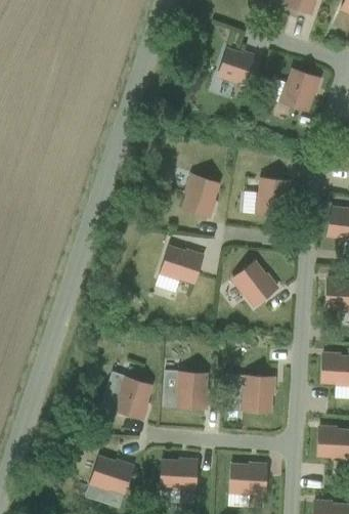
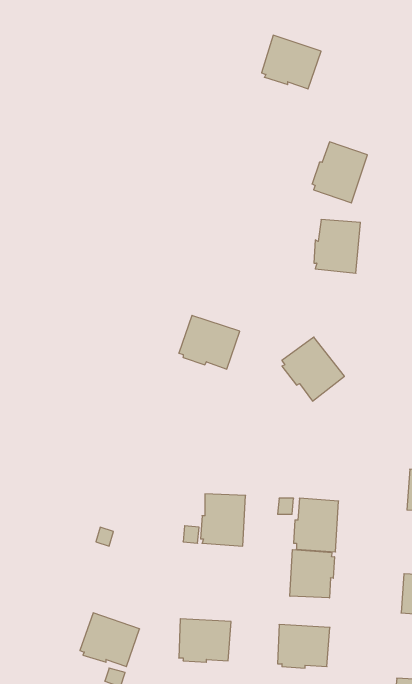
building: [280,68,319,111] -> [312,142,367,203]
building: [182,173,220,216] -> none
building: [115,376,152,418] -> none
building: none -> [290,550,334,598]

